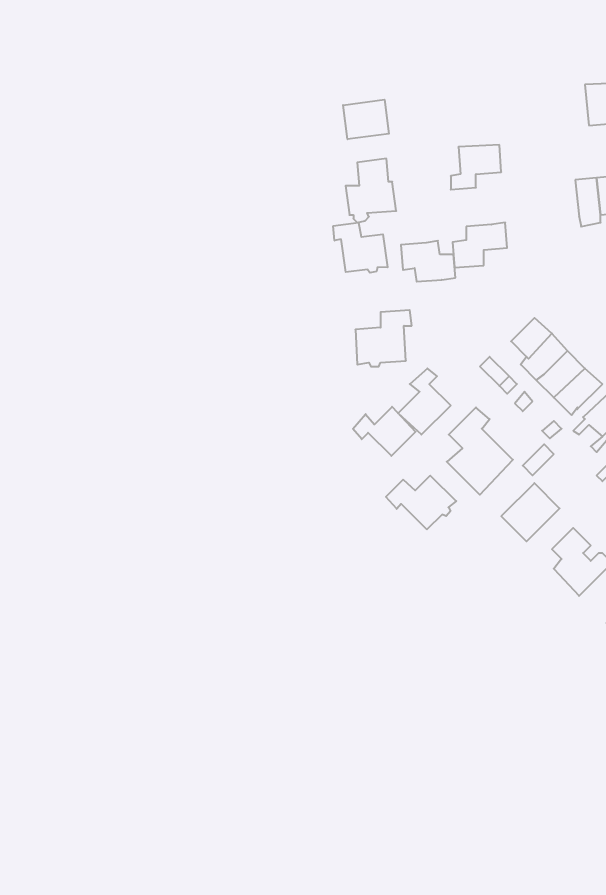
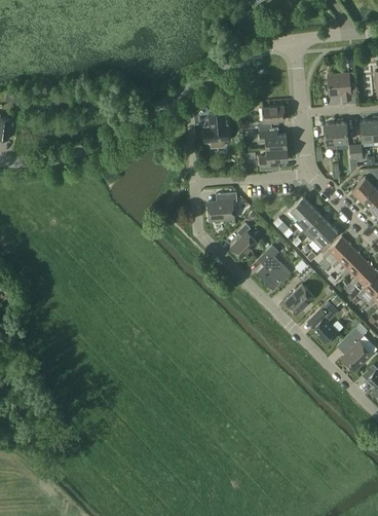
building: [343,100,389,139] -> none
building: [333,223,388,273] -> none
building: [401,241,455,282] -> [258,127,287,149]
building: [353,407,416,456] -> none
building: [386,476,456,529] -> none

